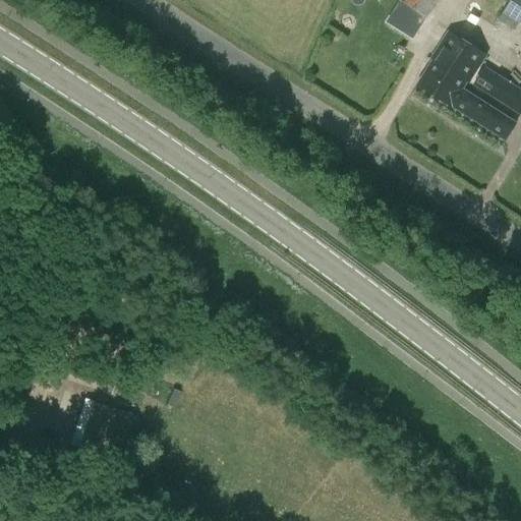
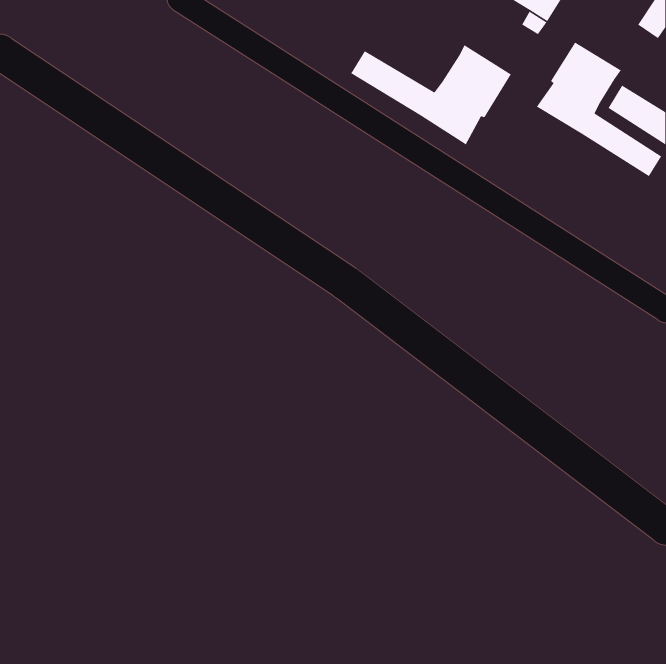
building: none -> [350,44,512,146]

